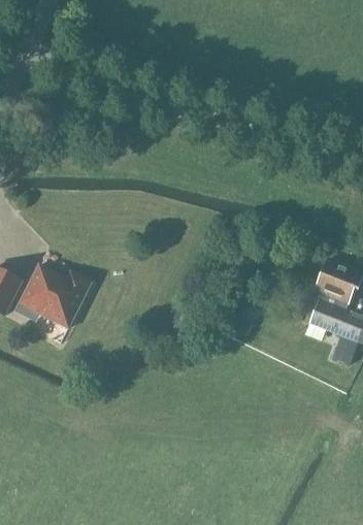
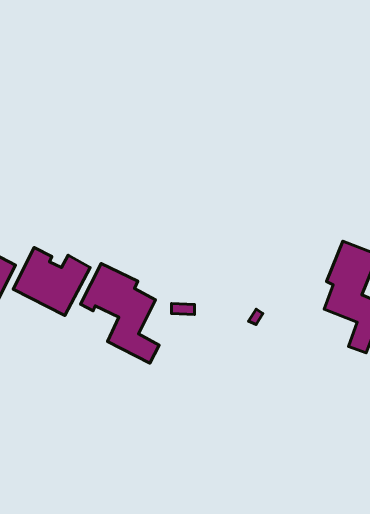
building: none -> [81,263,159,363]

